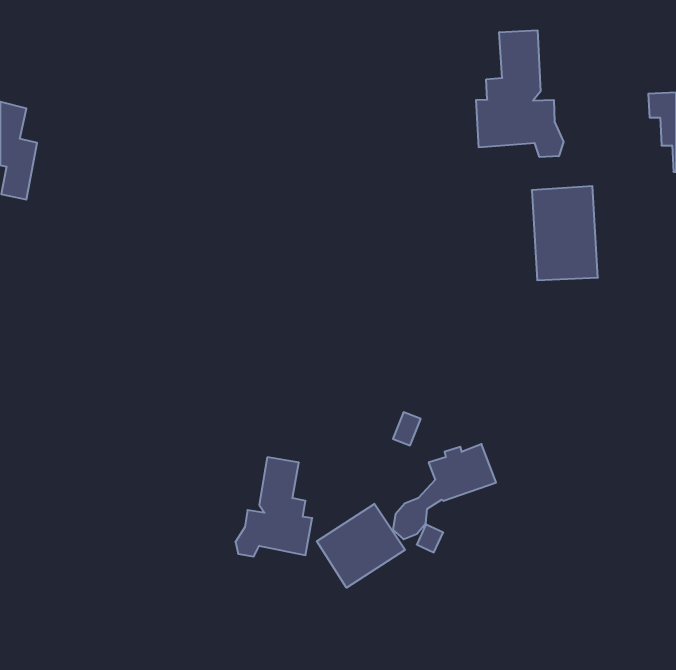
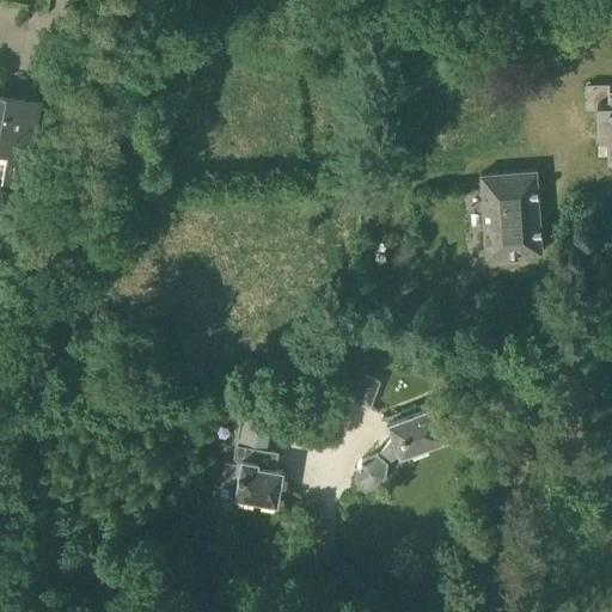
building: [476,30,563,157] -> none
building: [317,504,405,588] -> none

